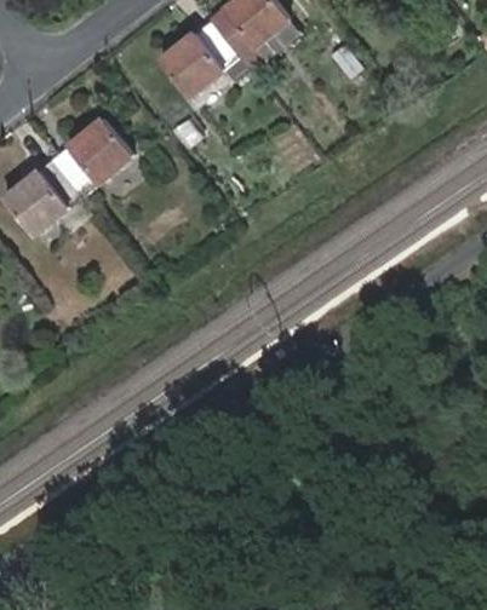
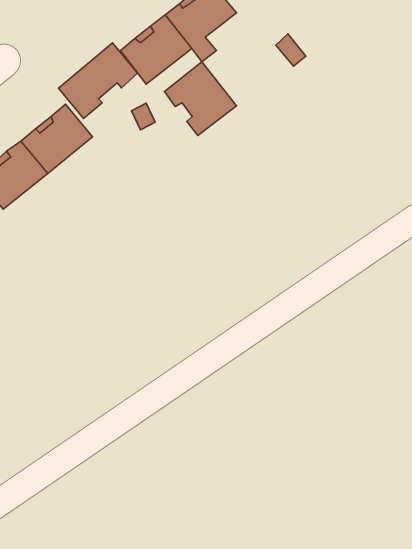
building: none -> [59,43,138,119]
building: none -> [164,62,236,135]

